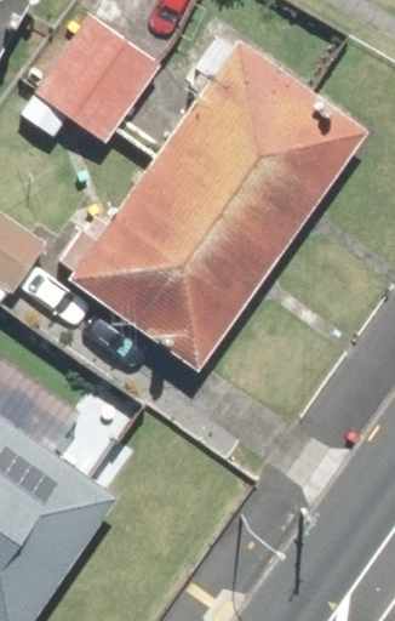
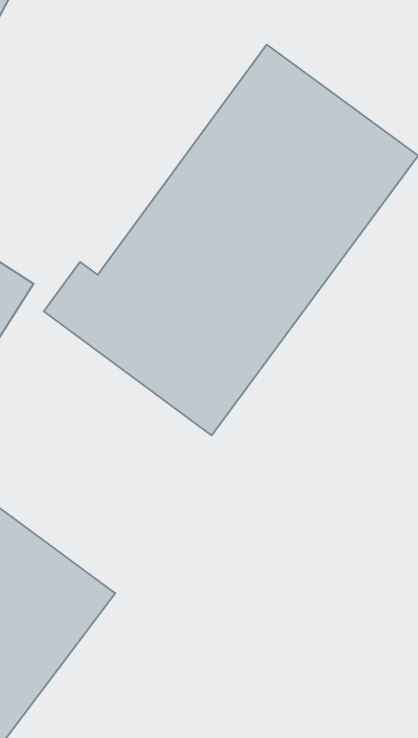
building: [32,16,160,144] -> none

